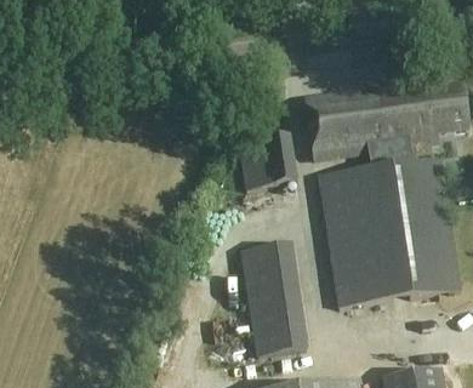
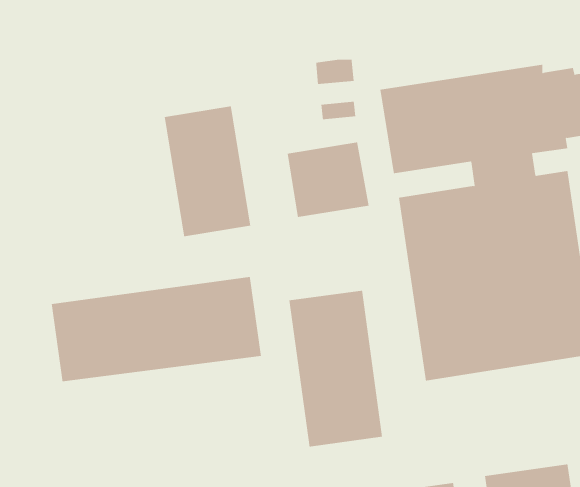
building: none -> [164,105,251,237]
building: none -> [51,276,262,382]

